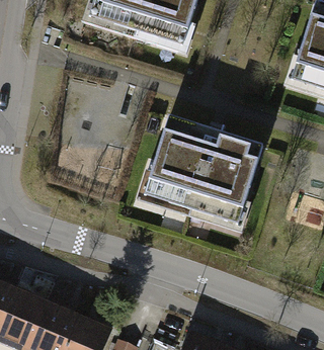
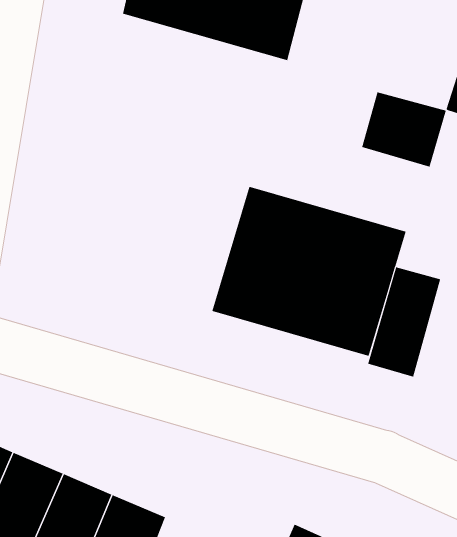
building: none -> [362,92,447,168]
building: none -> [368,267,441,378]

